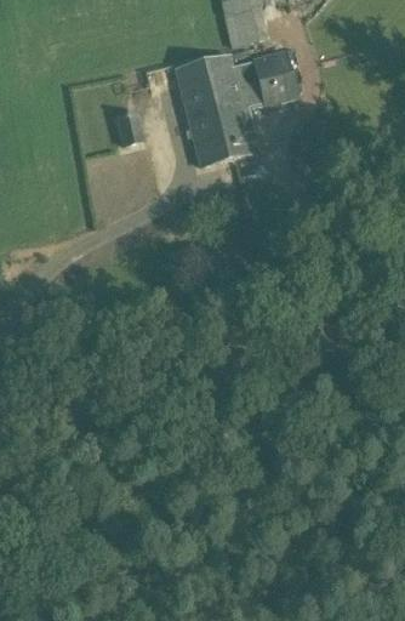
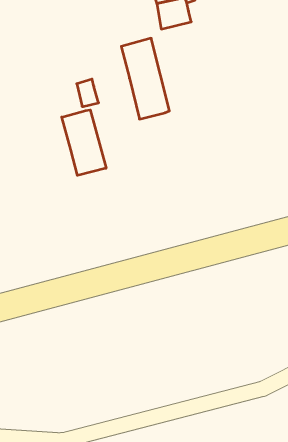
building: [216,50,296,154] -> none
building: none -> [62,110,106,175]

